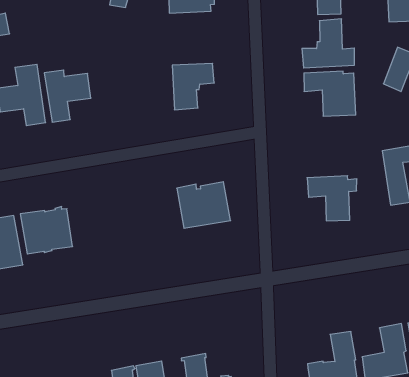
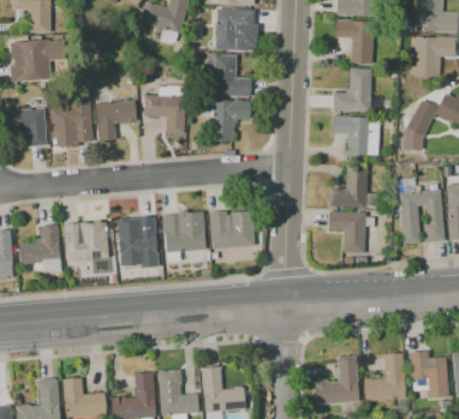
building: none -> [210,54,251,96]
building: none -> [144,84,185,133]
building: none -> [328,163,380,208]
building: none -> [162,210,205,252]
building: none -> [118,215,157,265]

